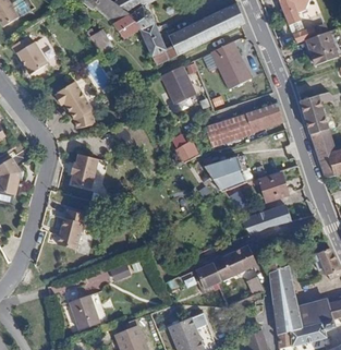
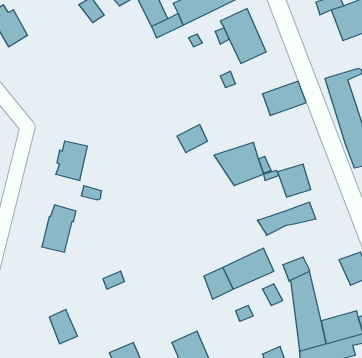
building: [158,65,193,105] -> none
building: [56,81,94,128] -> none
building: [206,113,253,145] -> none

